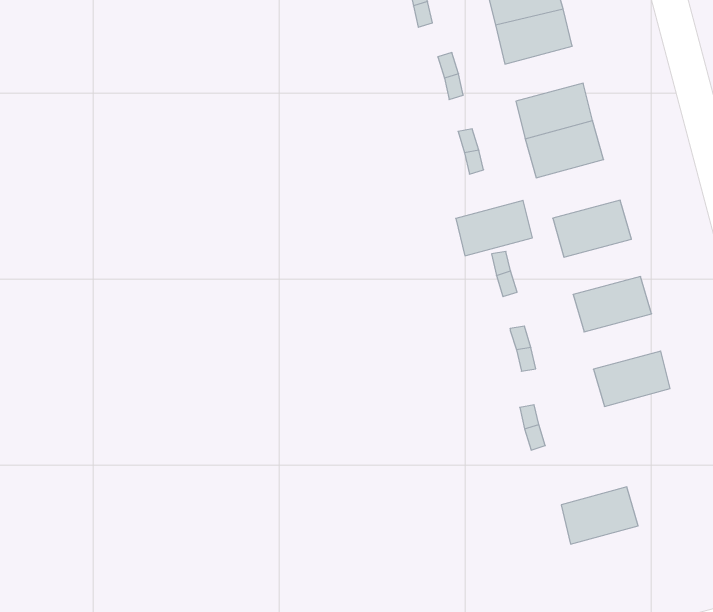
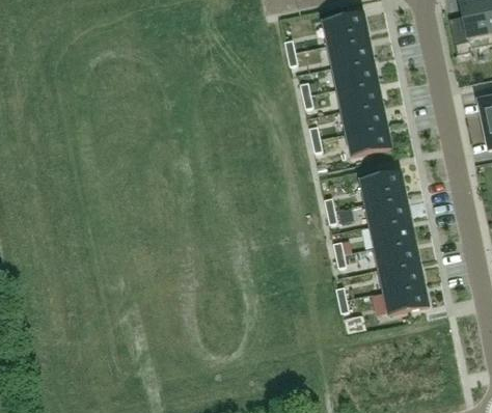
building: none -> [337,79,382,109]
building: [456,200,532,256] -> [365,192,409,222]
building: none -> [375,236,418,266]
building: [561,487,638,544] -> [384,279,428,310]

